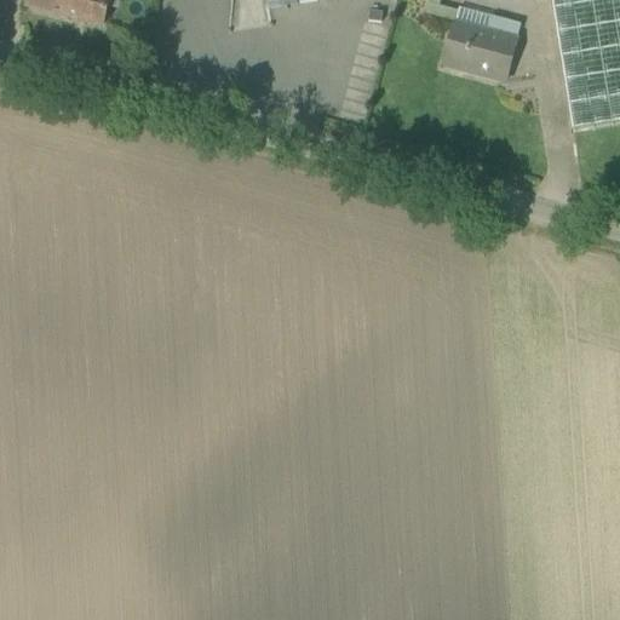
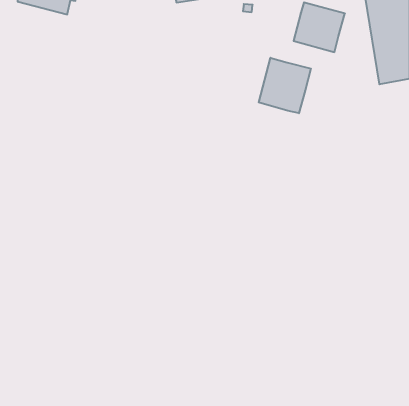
building: none -> [259,58,311,113]

